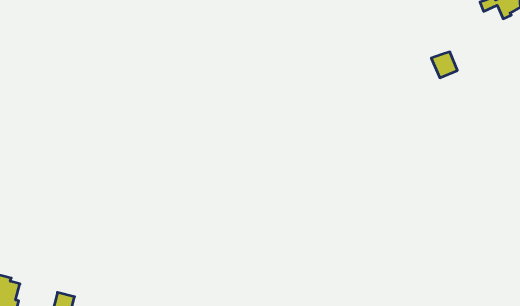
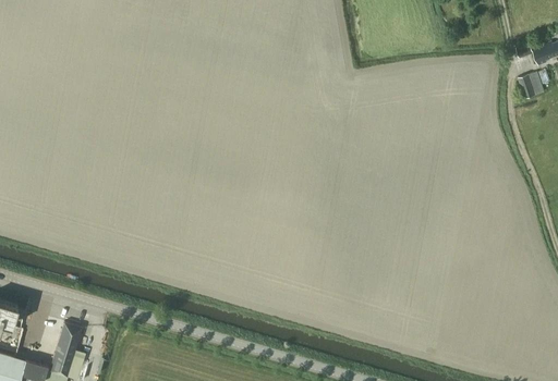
building: [431,52,457,78] -> [513,72,539,98]

